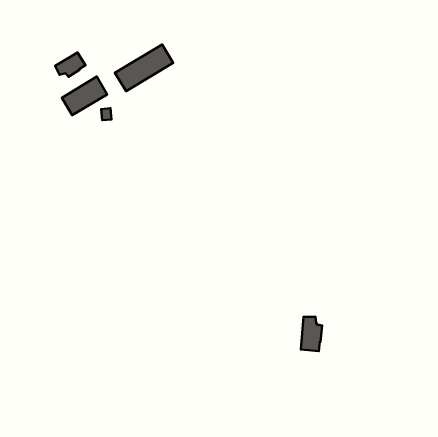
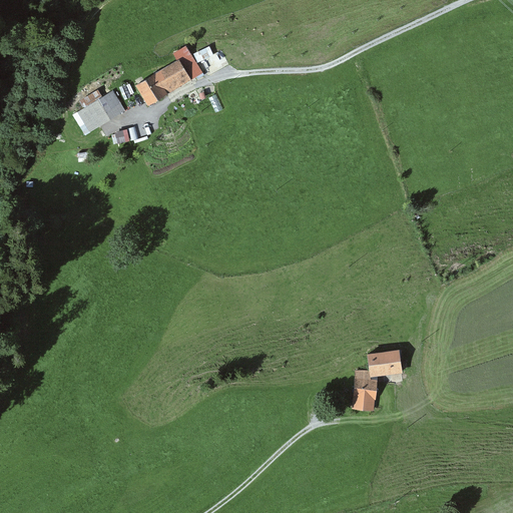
building: [55,52,85,77] -> none
building: none -> [367,351,403,377]

